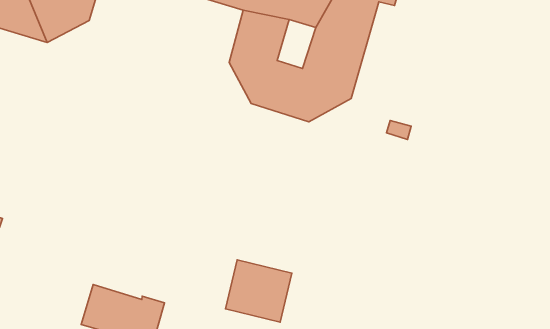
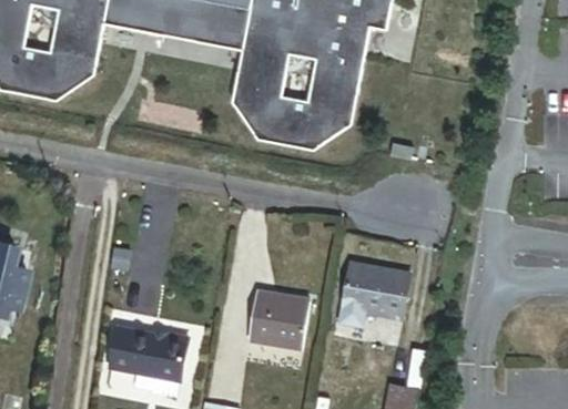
building: none -> [339,262,410,325]

